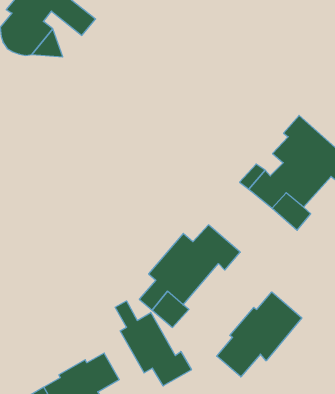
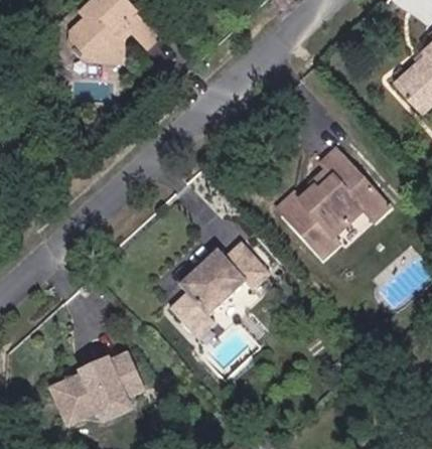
building: [217,292,302,377] -> none
building: [115,301,191,386] -> none

